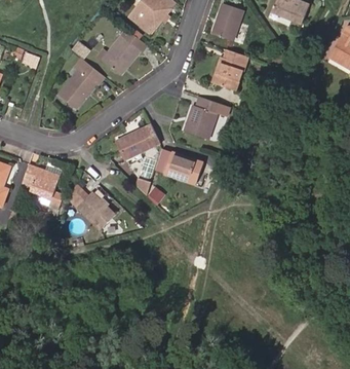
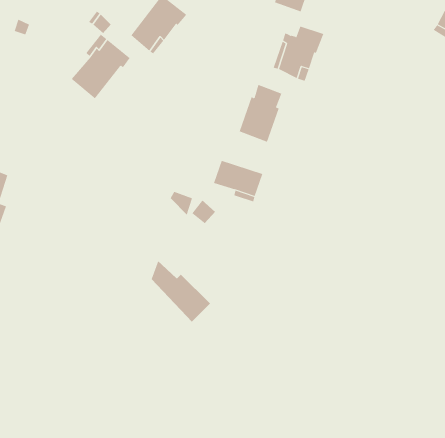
building: [114,126,159,161] -> none
building: [24,163,59,196] -> none
building: [70,183,115,230] -> [151,260,211,323]

